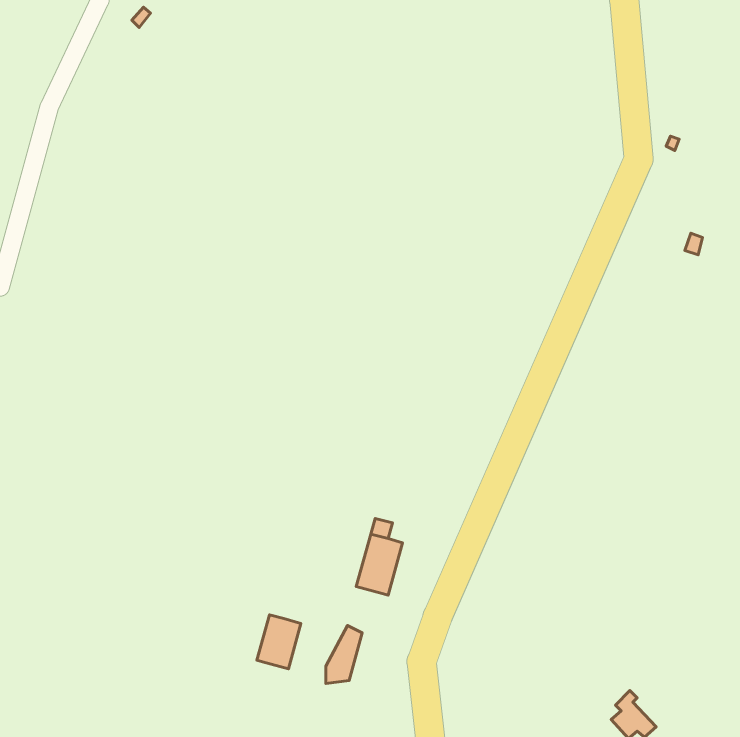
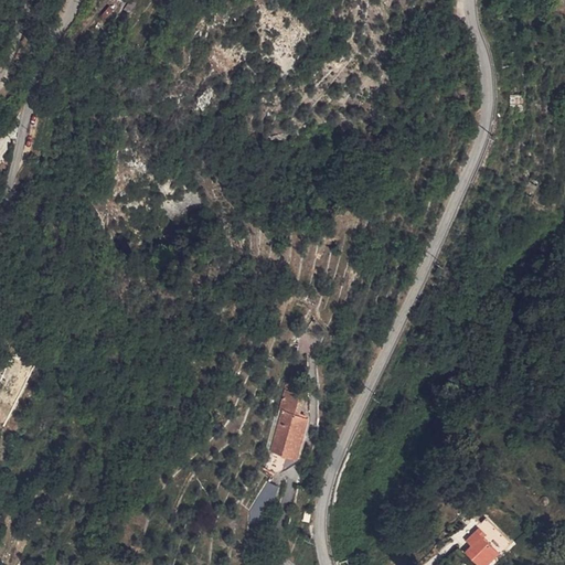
building: [257,615,301,669] -> none

